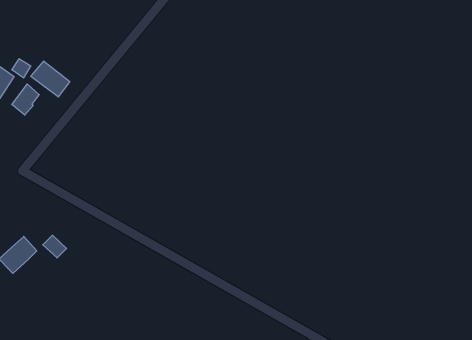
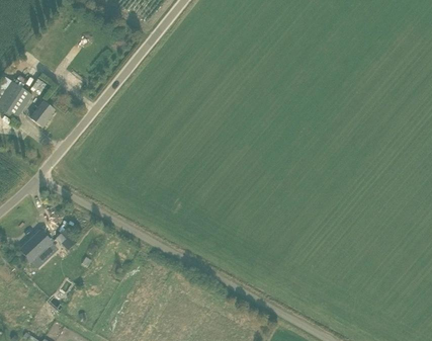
building: [31,61,70,97] -> none

